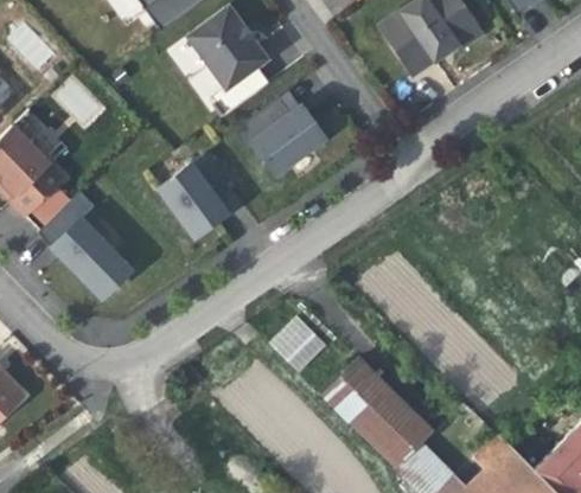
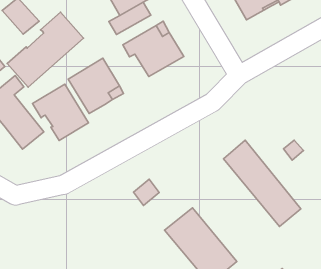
building: none -> [7,12,83,87]
building: none -> [33,84,88,141]
building: none -> [224,140,301,227]

